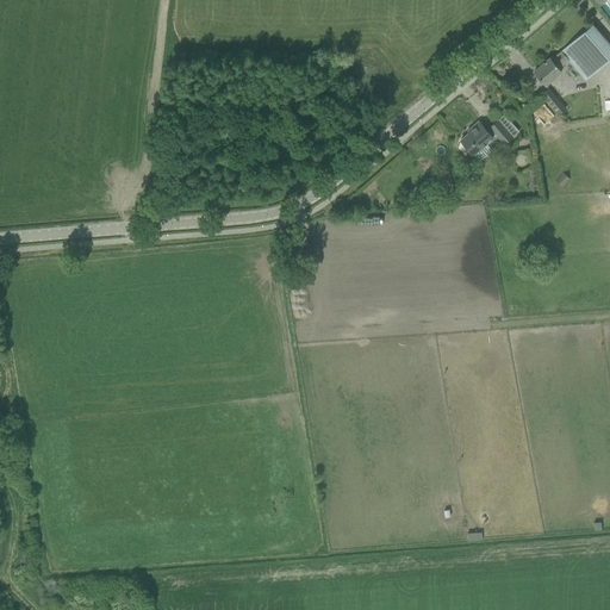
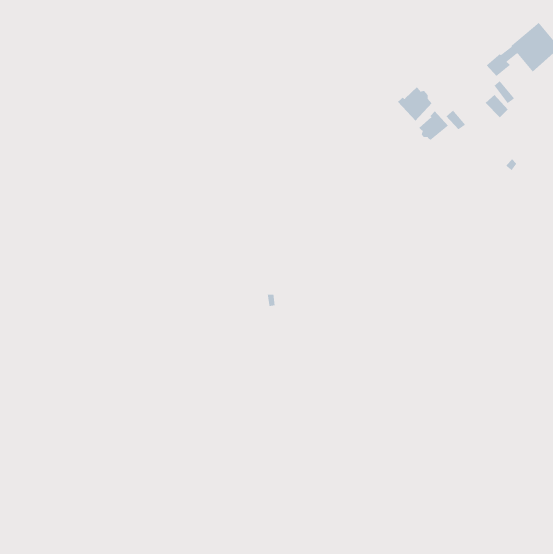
building: none -> [397,86,433,121]

